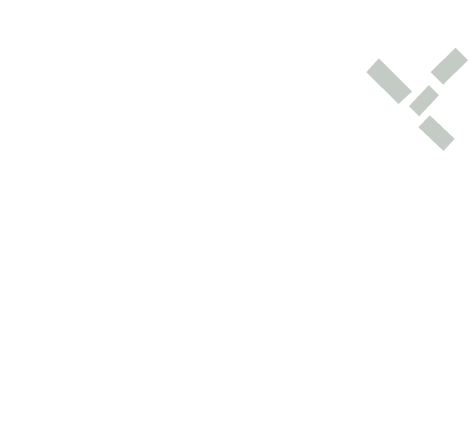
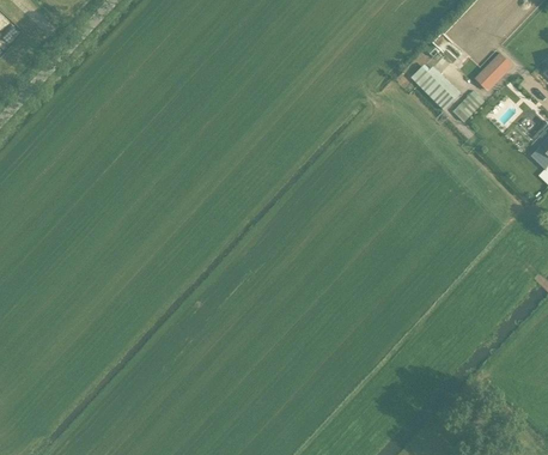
building: [418,114,456,152] -> none

